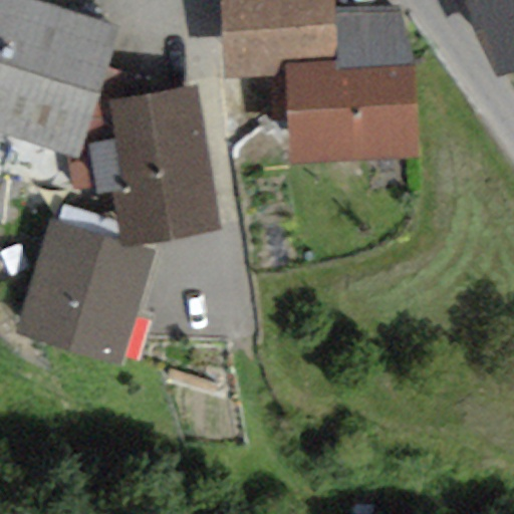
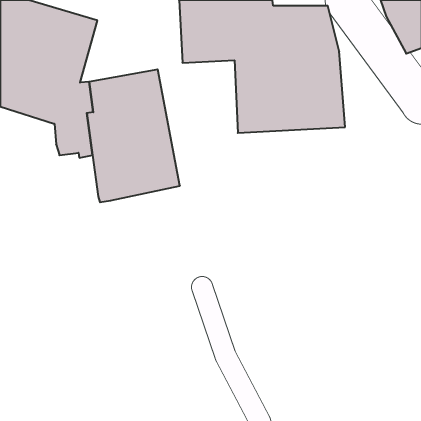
building: [14,218,156,365] -> none

